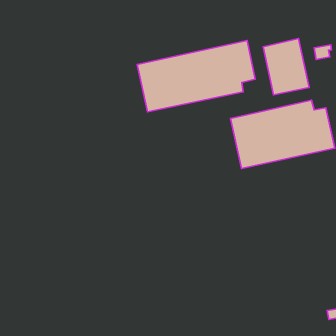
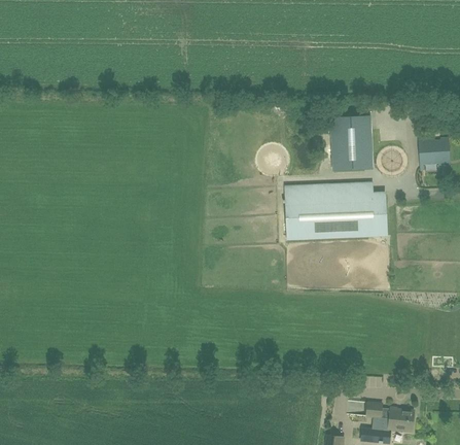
building: [137,41,255,112] -> none

